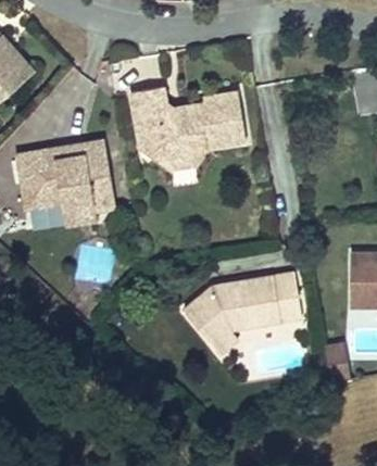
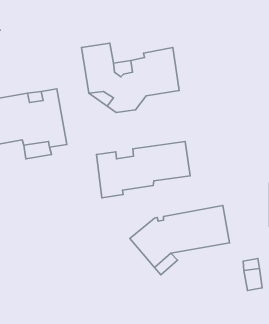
building: none -> [96,142,190,198]

